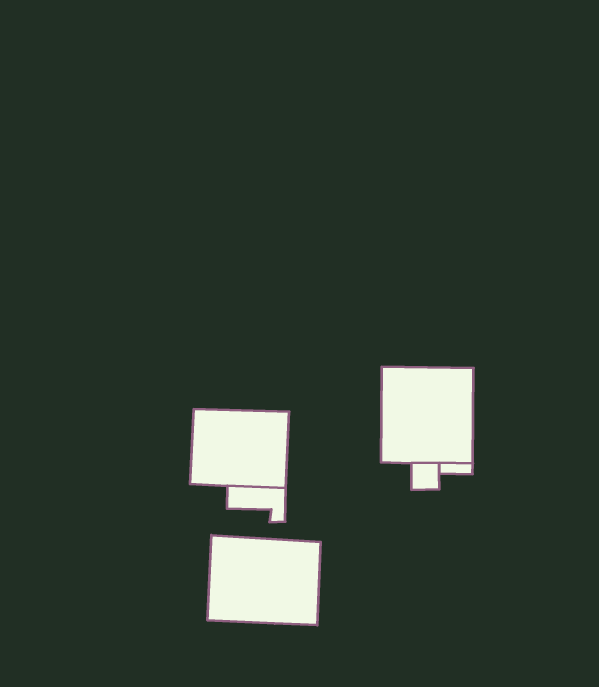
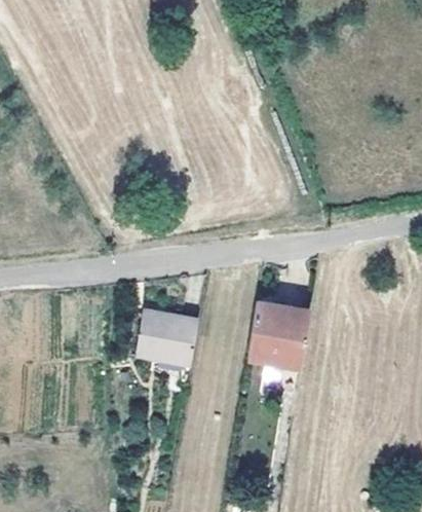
building: [208,535,321,625] -> none

